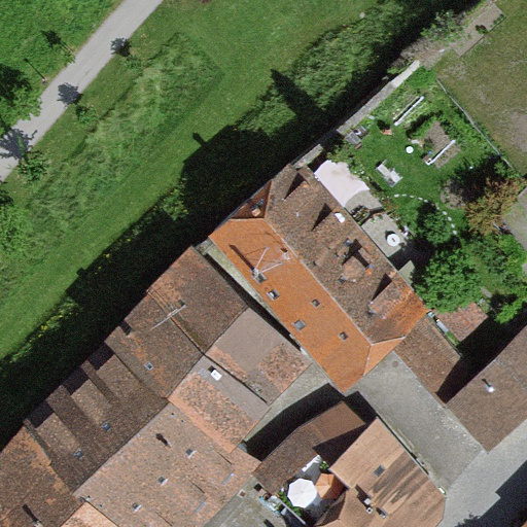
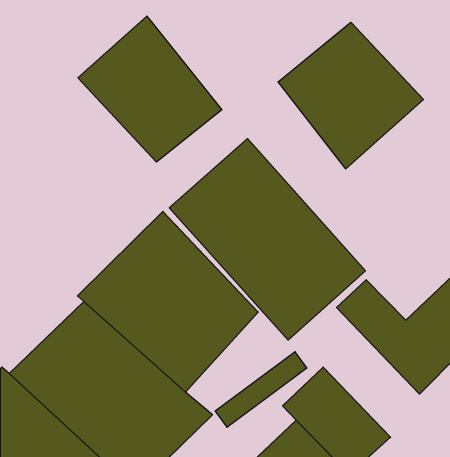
building: none -> [78,16,222,162]
building: none -> [278,22,423,169]

